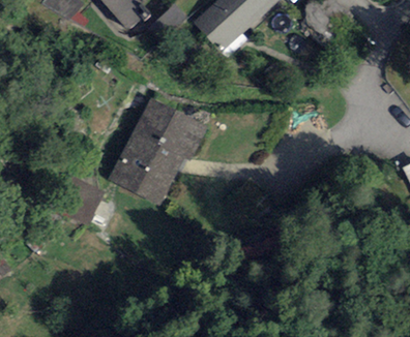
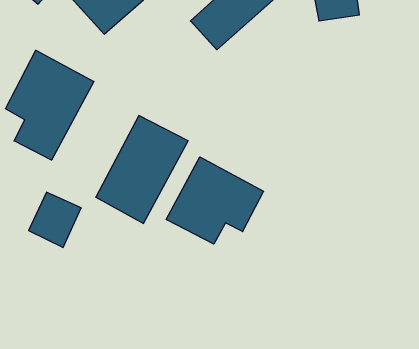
building: none -> [5,50,94,160]
building: none -> [166,157,264,244]

